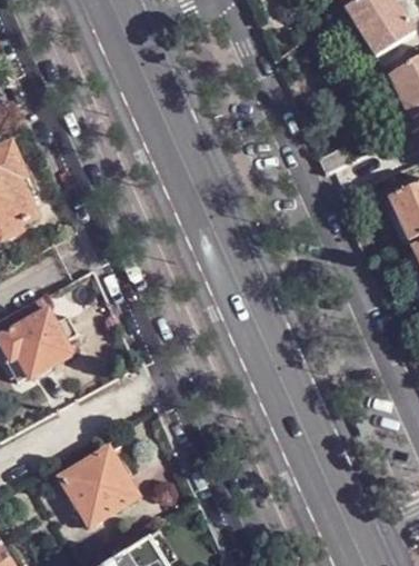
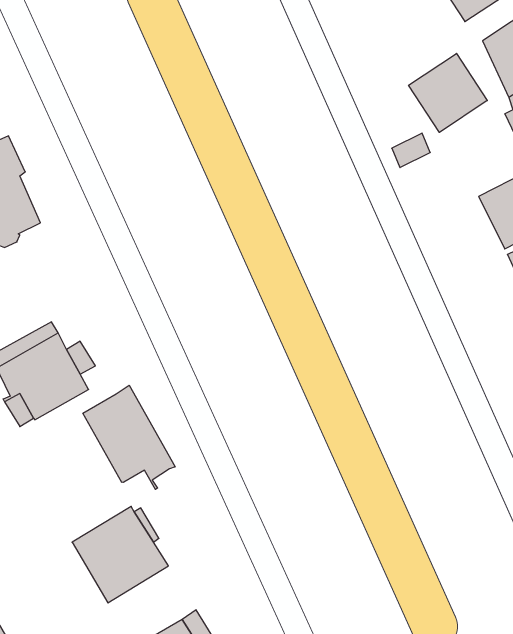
building: none -> [409,53,487,132]
building: none -> [83,385,175,489]

